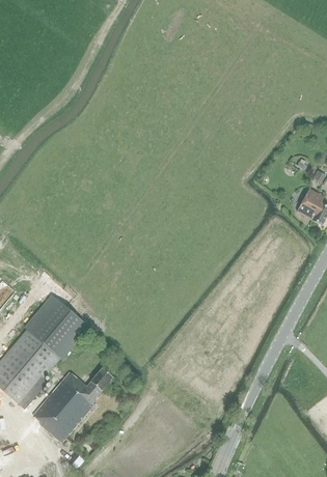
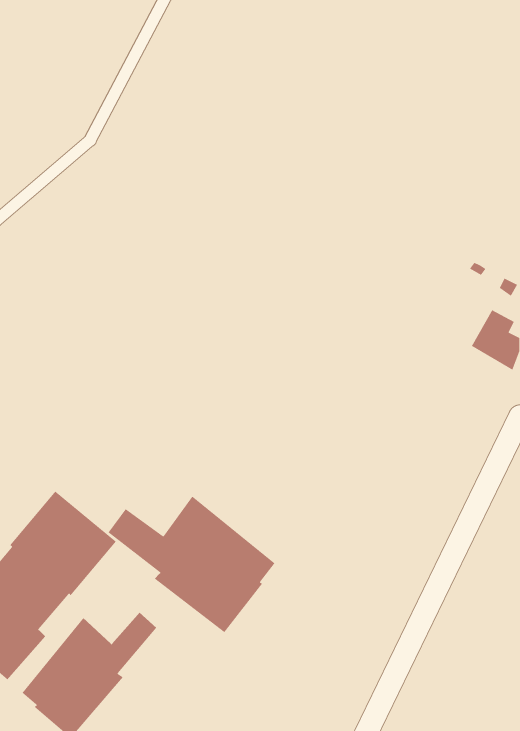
building: none -> [107,495,275,633]

